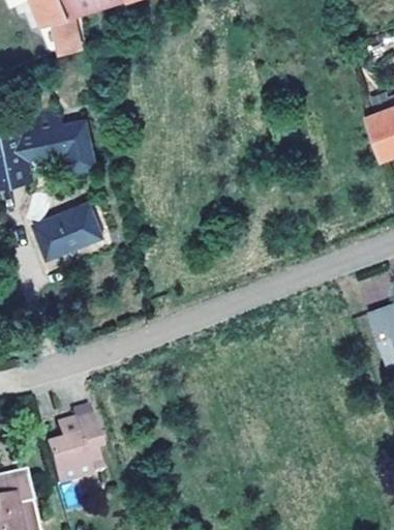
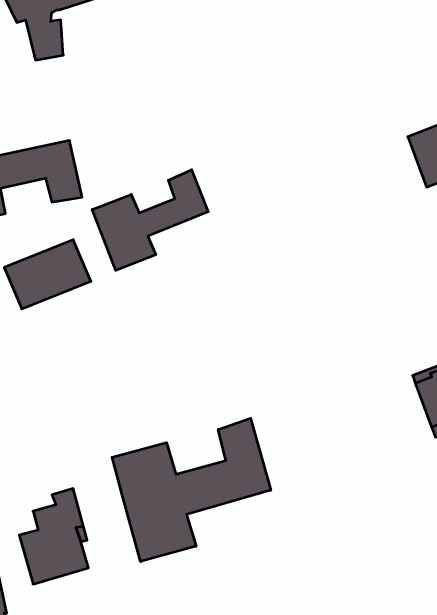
building: none -> [92,170,208,270]
building: none -> [112,418,271,562]

